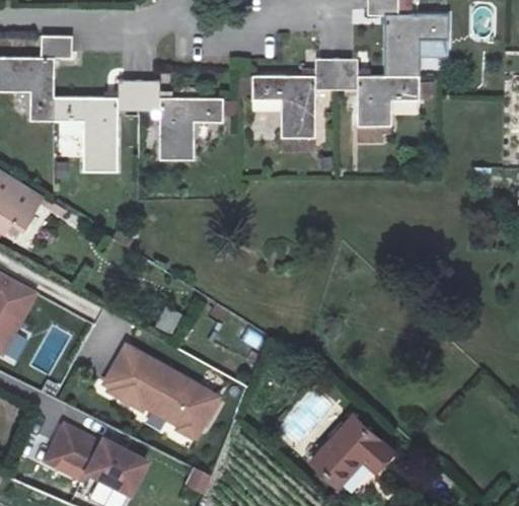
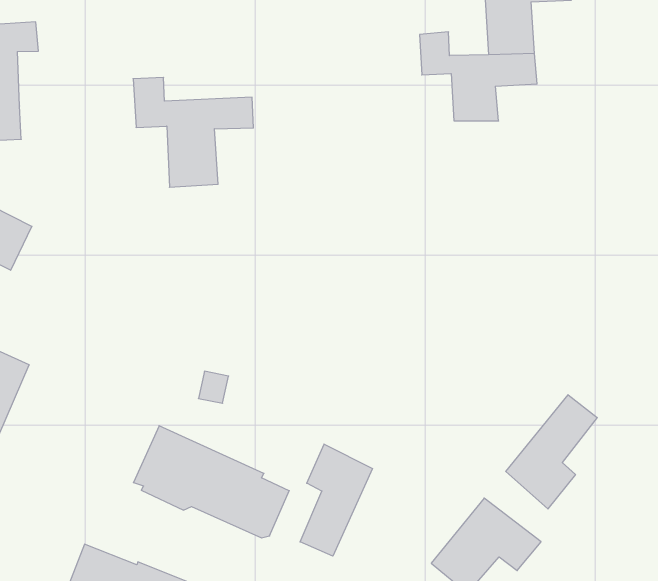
building: [256,72,341,149] -> none
building: [45,85,130,176] -> none
building: none -> [506,395,597,509]
building: none -> [300,444,372,556]

